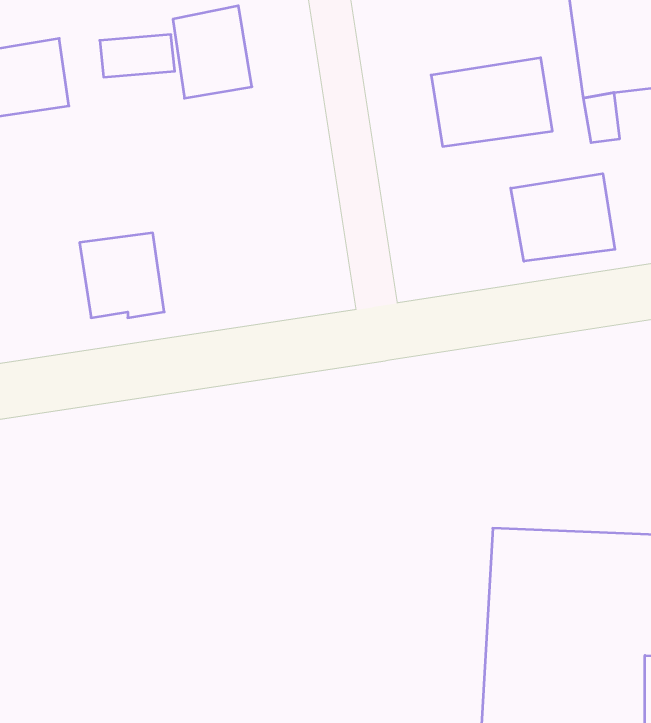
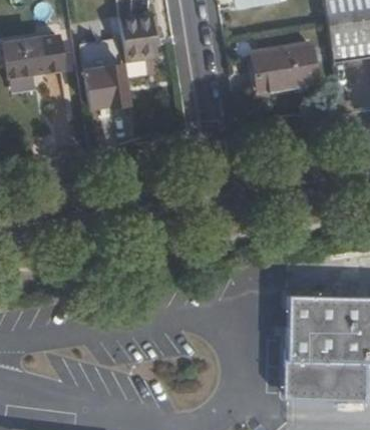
building: [511,174,615,261] -> none
building: [80,233,164,318] -> [84,69,128,113]

